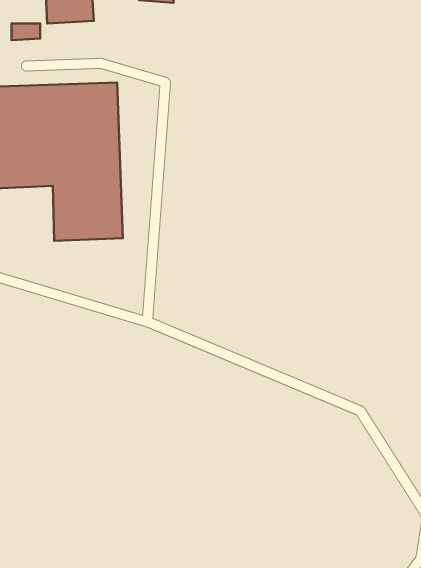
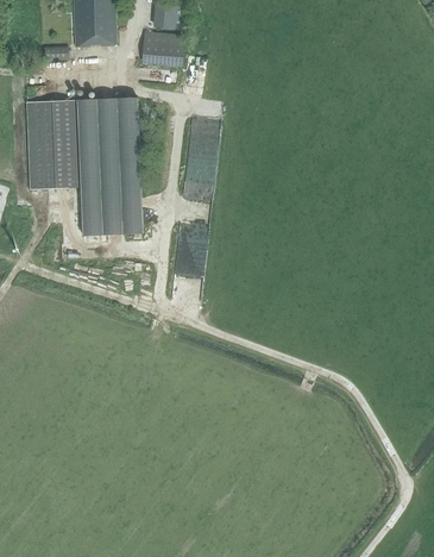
building: none -> [141,31,183,64]

